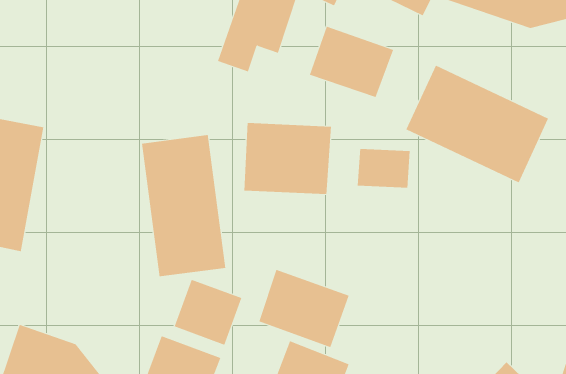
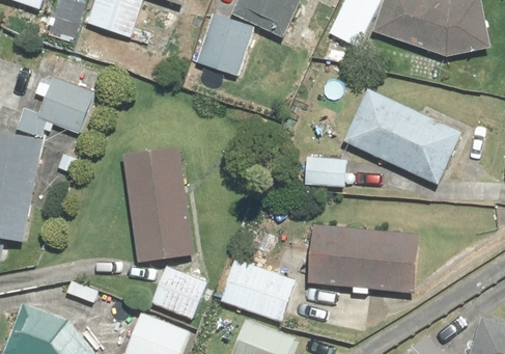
building: [309,26,394,98] -> none
building: none -> [15,77,93,137]
building: [244,122,331,195] -> none
building: none -> [307,223,419,293]

